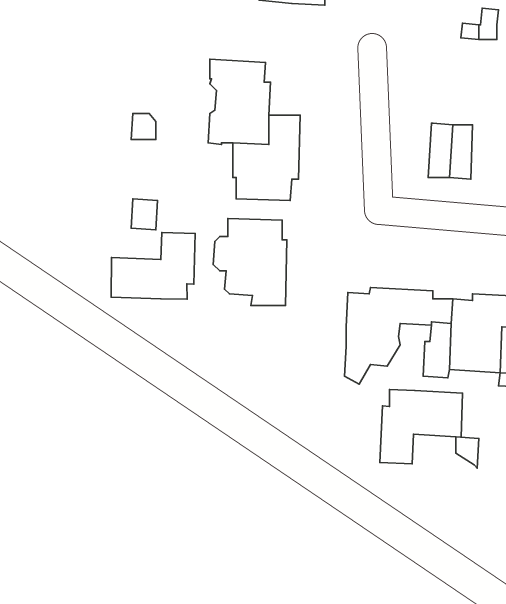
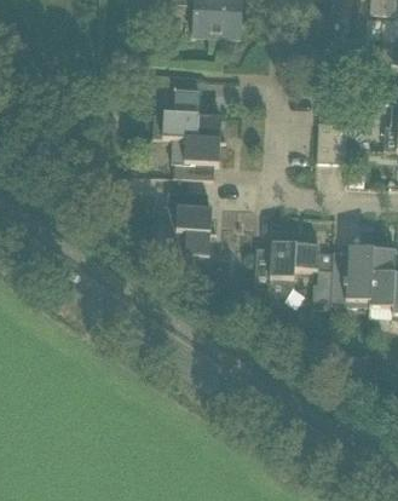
building: [111,233,195,299] -> none
building: [380,390,462,464] -> none

